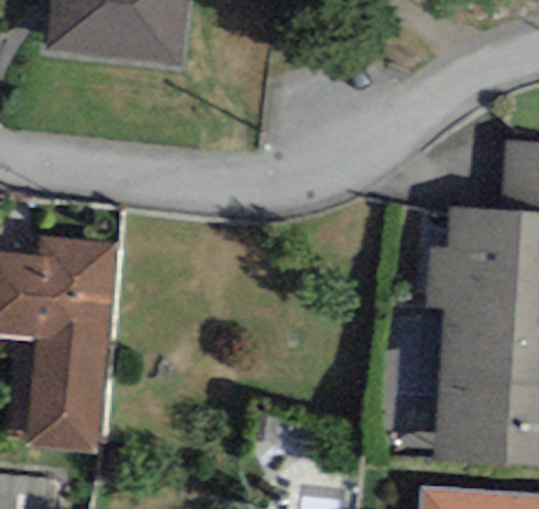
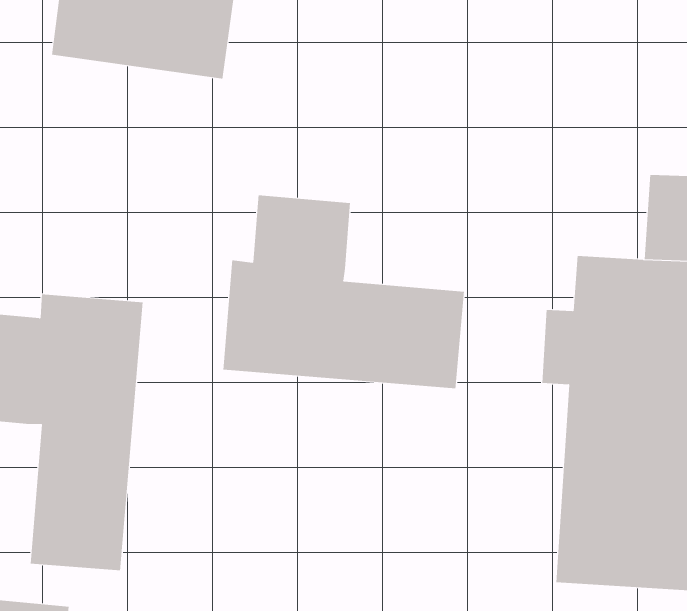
building: none -> [223,194,465,389]

